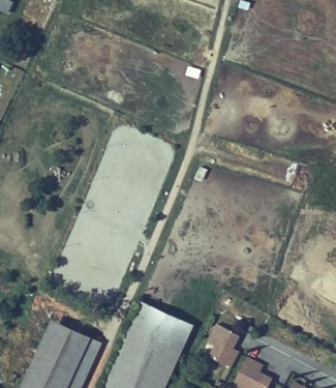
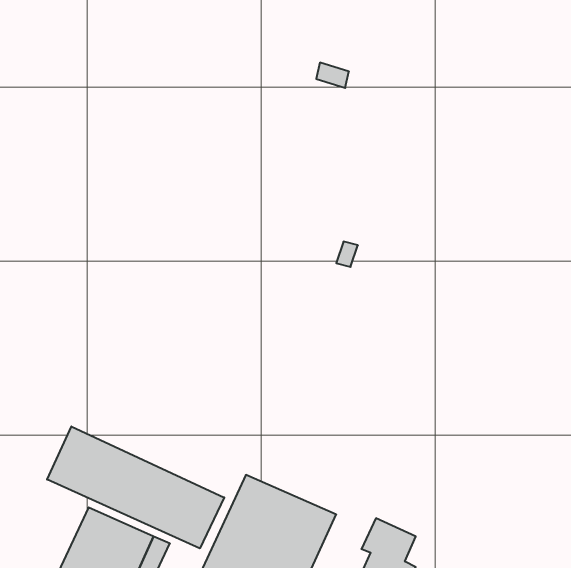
building: none -> [47,426,224,548]

